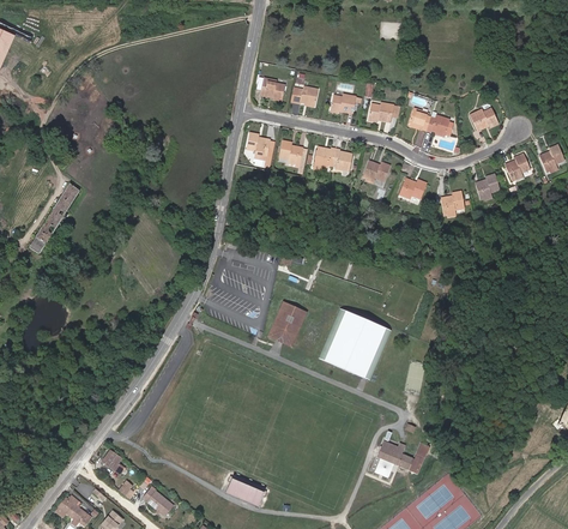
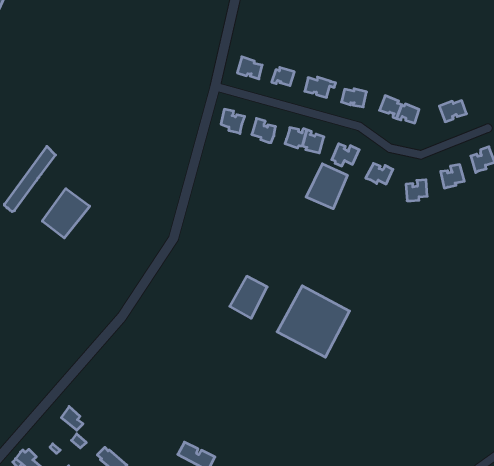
building: none -> [306,164,347,209]
building: none -> [42,189,90,238]
building: [377,440,429,471] -> none

